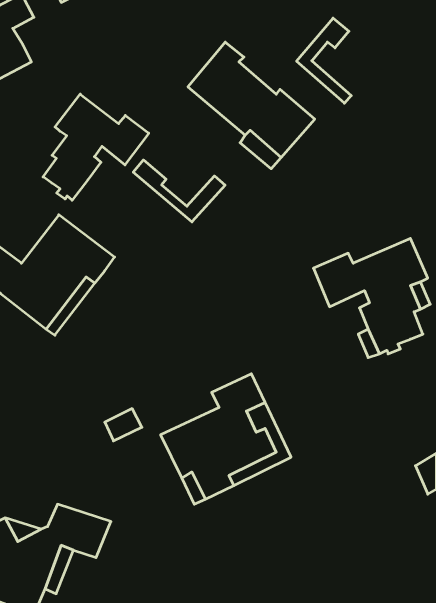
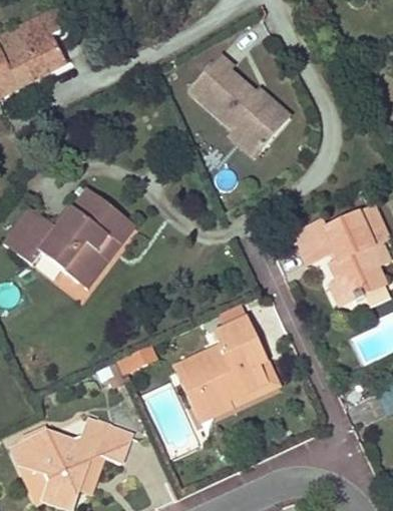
building: [297,18,351,103] -> none
building: [43,94,149,200] -> none
building: [133,160,225,222] -> none

